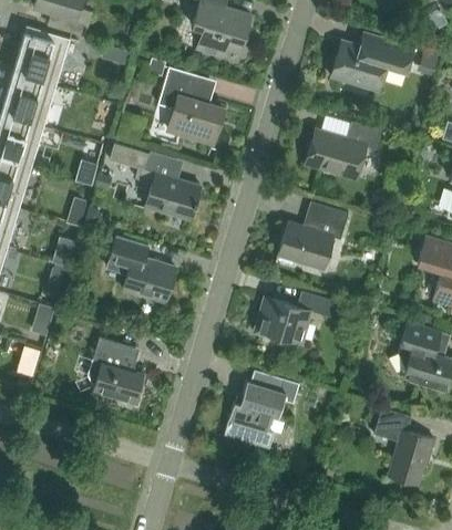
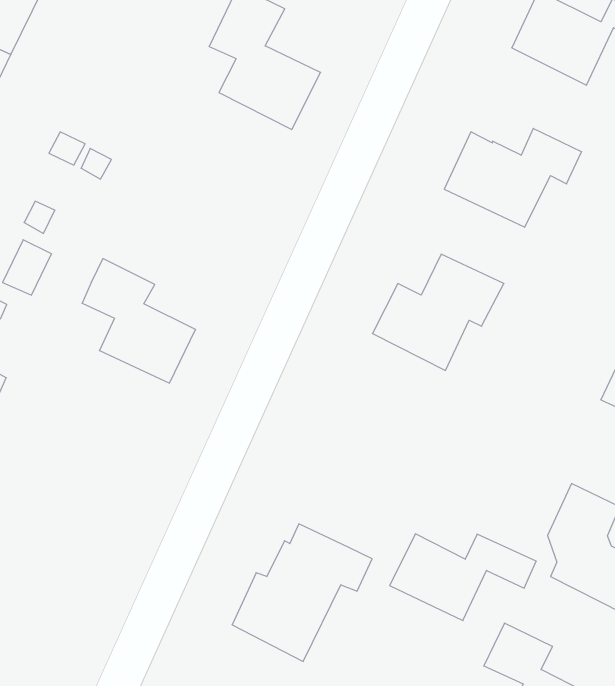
building: [110,144,201,220] -> none
building: [256,291,338,342] -> [390,534,536,621]
building: [89,336,144,403] -> none

